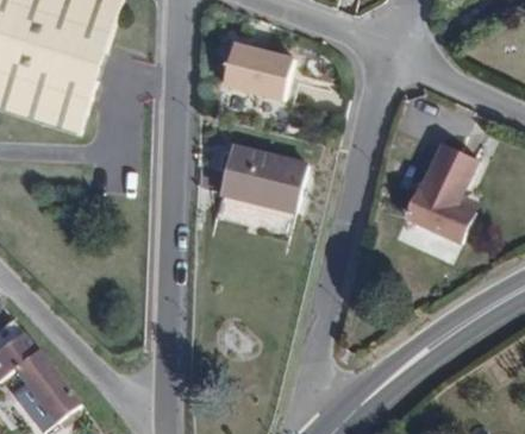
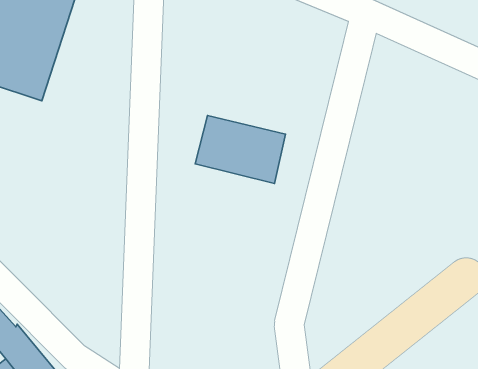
building: [221,46,293,103] -> none
building: [402,138,474,234] -> none

